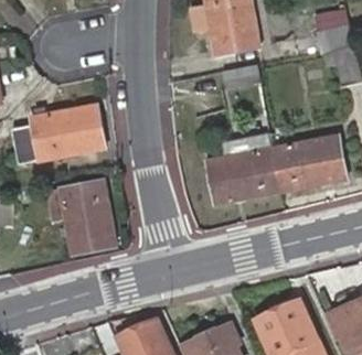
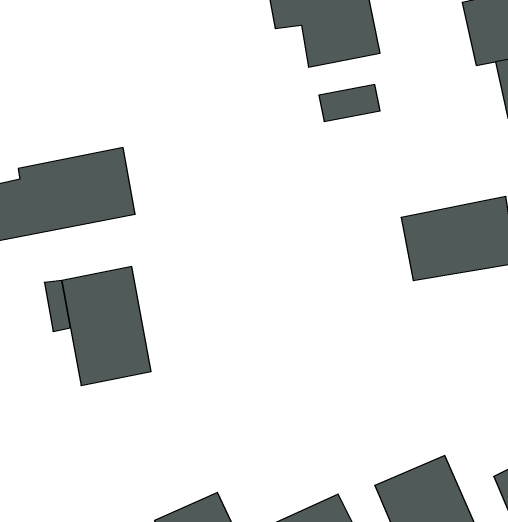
building: [209,149,280,202] -> none

